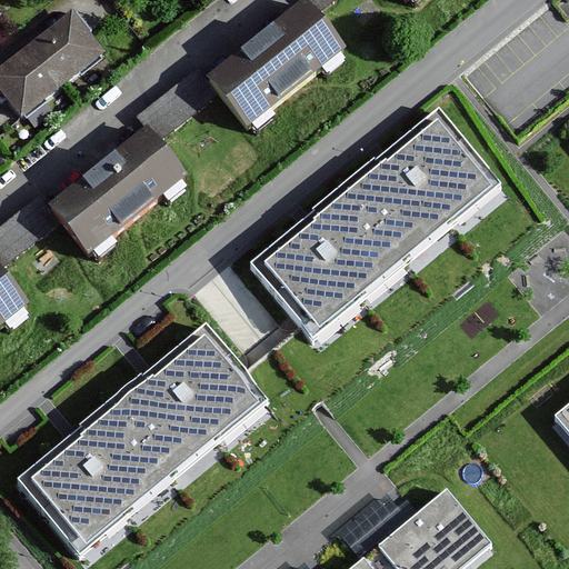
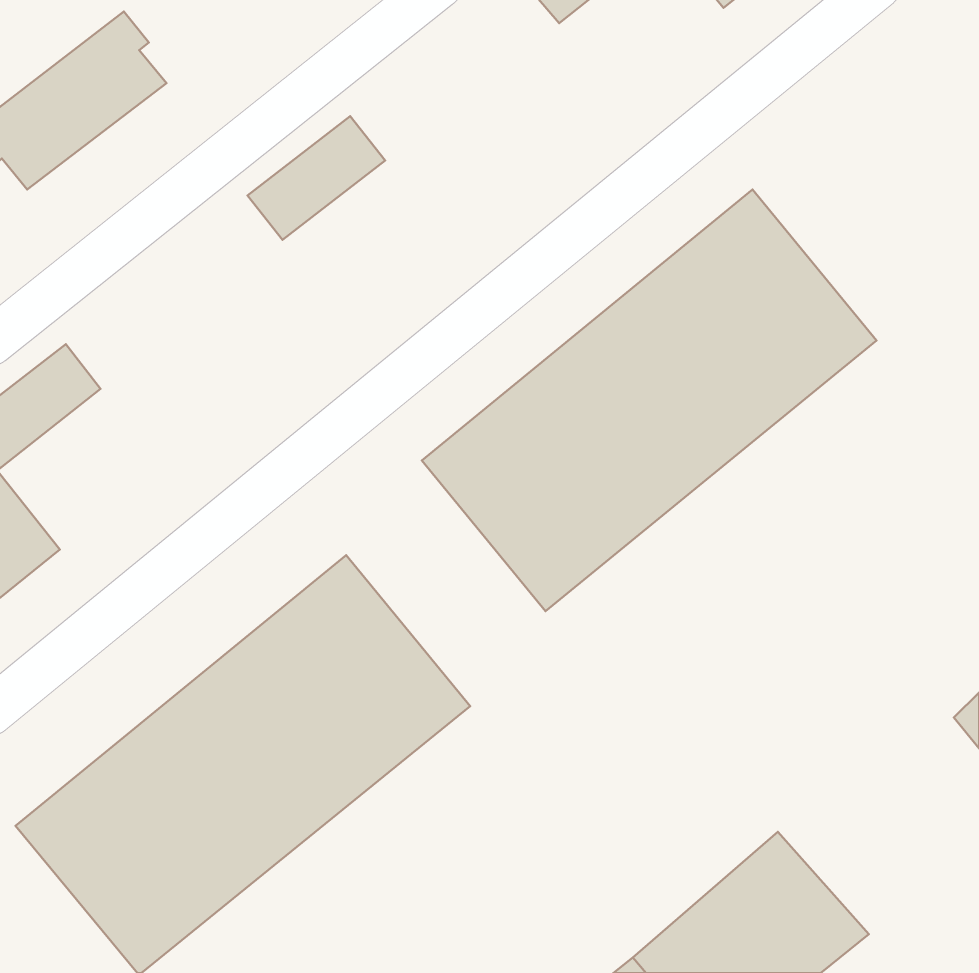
building: [214,4,353,136] -> none
building: [57,130,196,261] -> none

